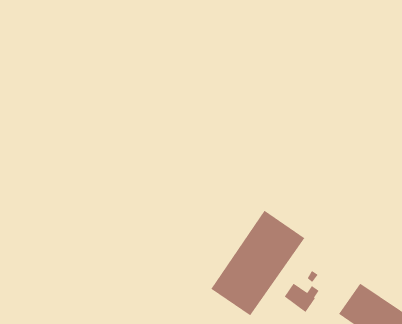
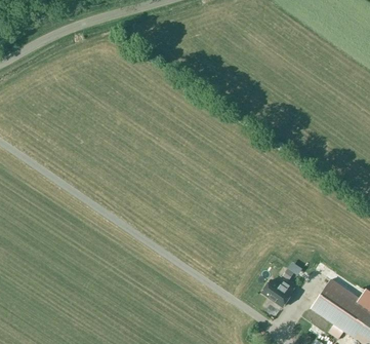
building: [210,210,305,316] -> none

